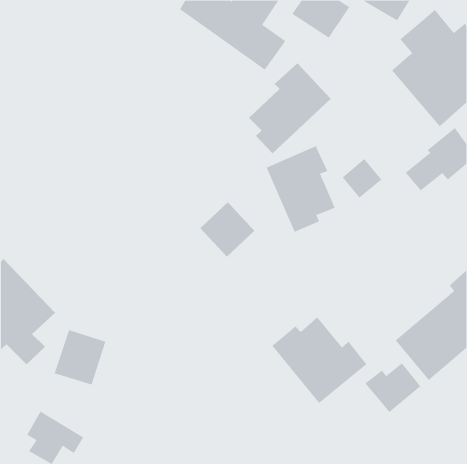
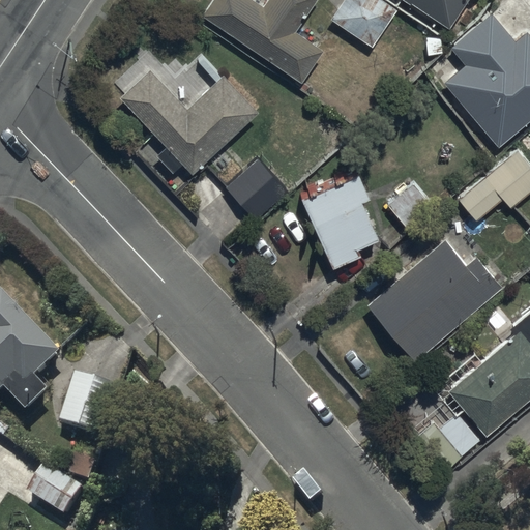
building: none -> [121,68,262,174]
building: [248,63,331,154] -> none
building: [199,202,255,257] -> [226,156,289,219]
building: none -> [366,238,503,361]
building: [271,316,367,404] -> none

